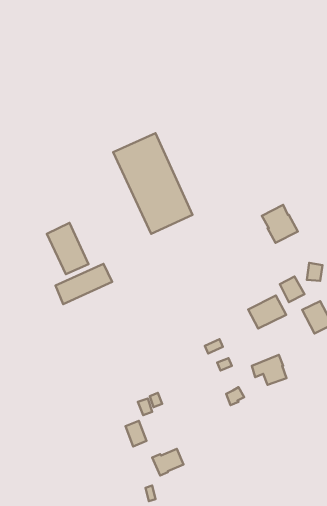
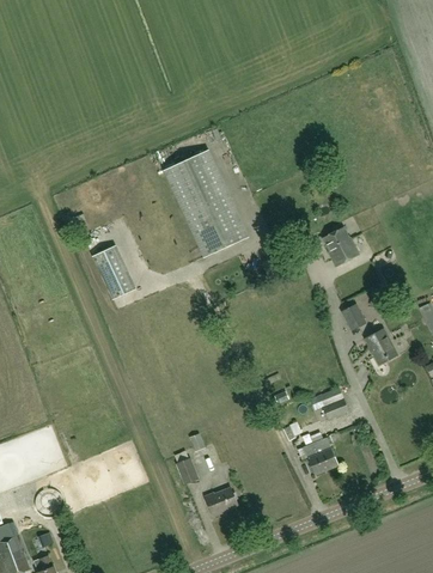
building: [56,264,112,304] -> none
building: [248,295,286,329] -> none
building: none -> [304,437,339,474]

